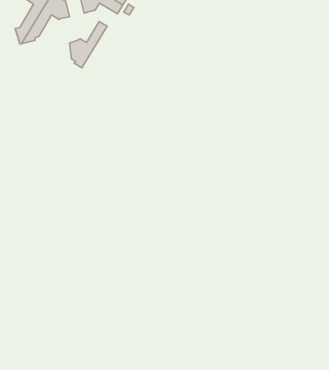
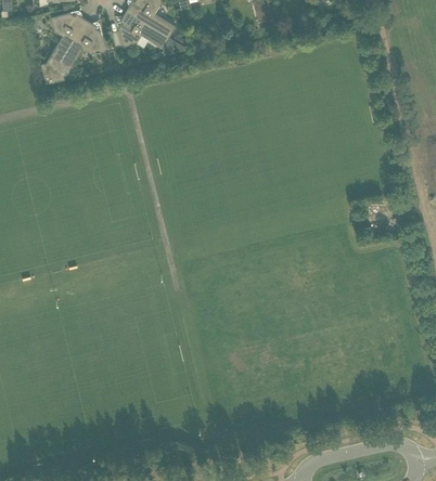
building: [70,22,107,68] -> none

